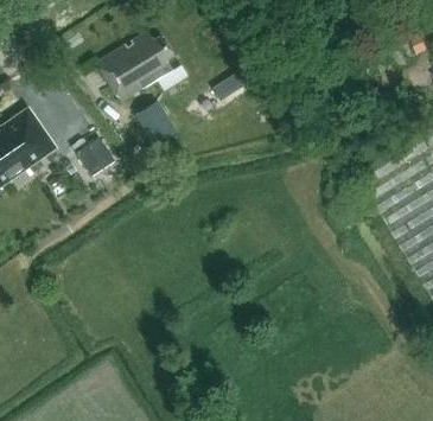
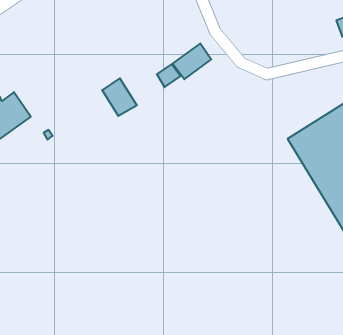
building: [96,32,173,101] -> none
building: [75,138,114,177] -> none

